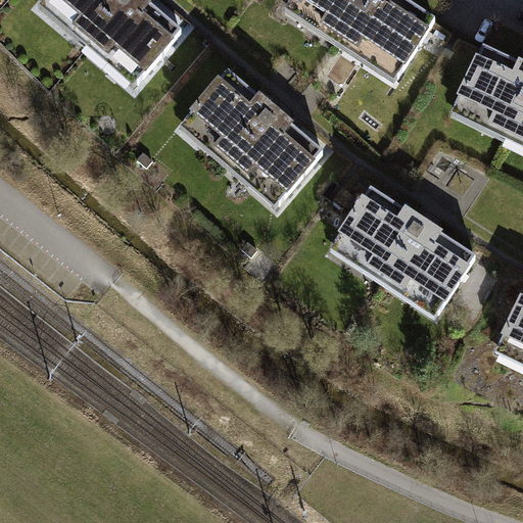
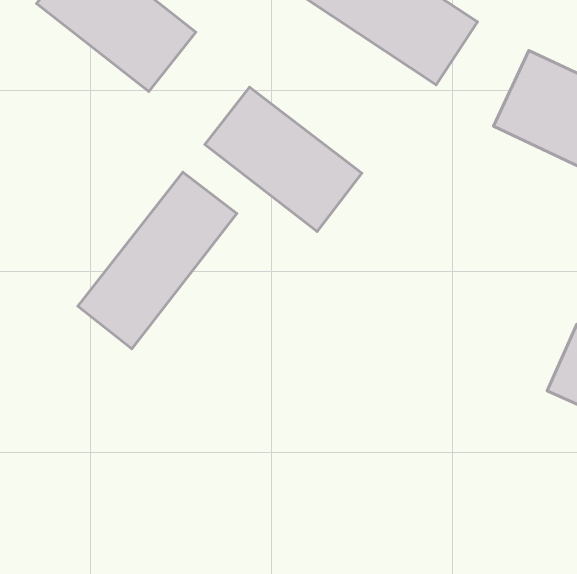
building: none -> [78,172,237,349]
building: [330,187,471,312] -> none

